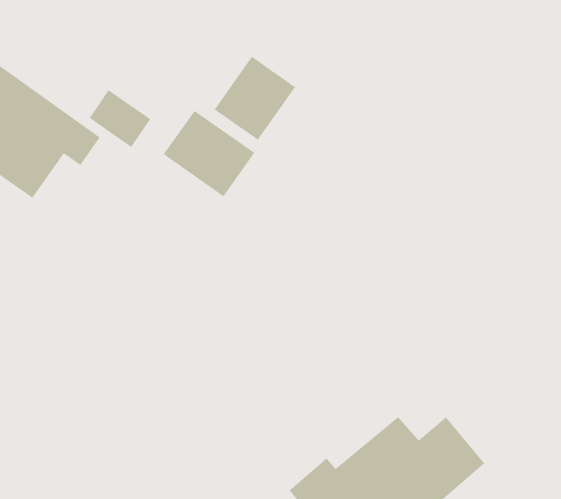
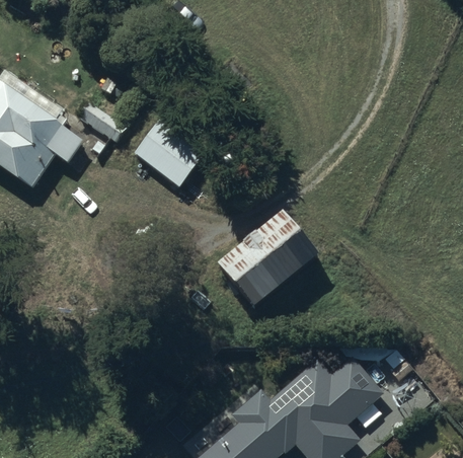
building: [214,56,296,141] -> none
building: none -> [218,211,320,309]

